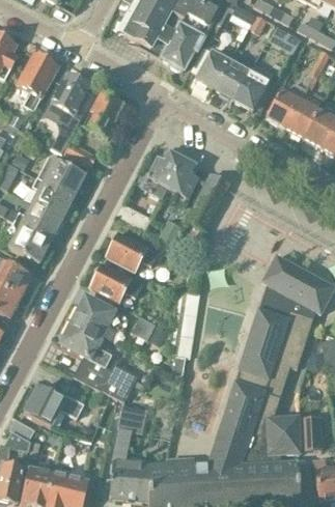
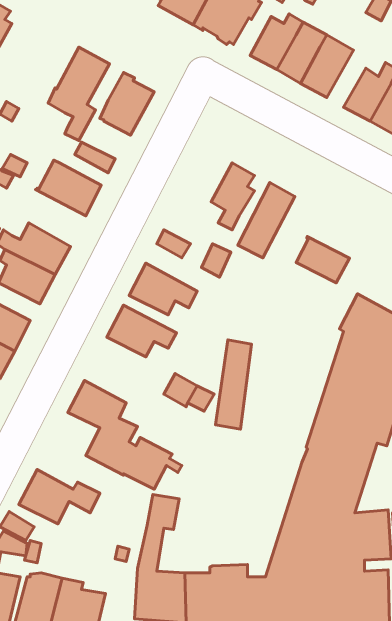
building: [15,53,57,110] -> none
building: [135,149,182,197] -> none
building: [30,177,73,220] -> none
building: none -> [296,237,349,283]
building: [72,295,129,336] -> none

